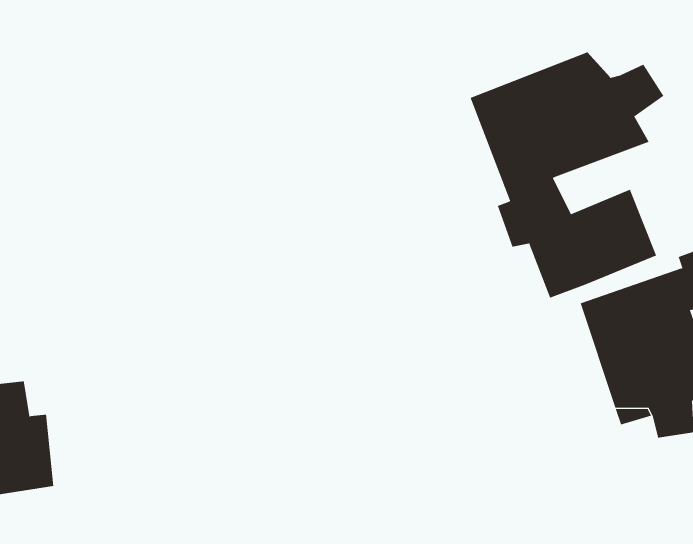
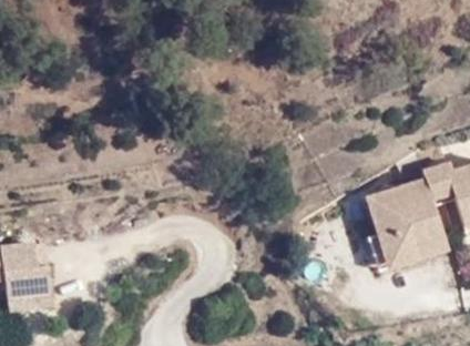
building: [470,51,664,298] -> none

